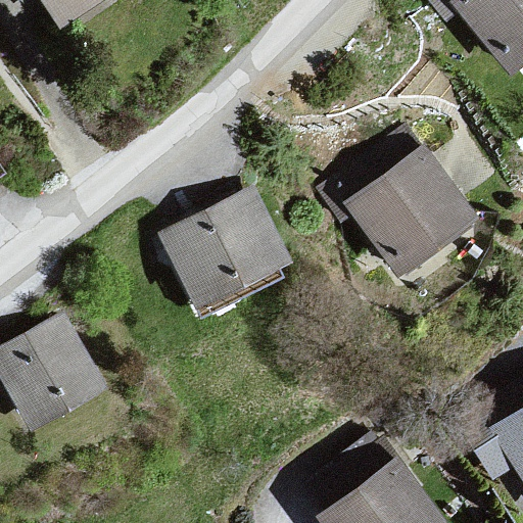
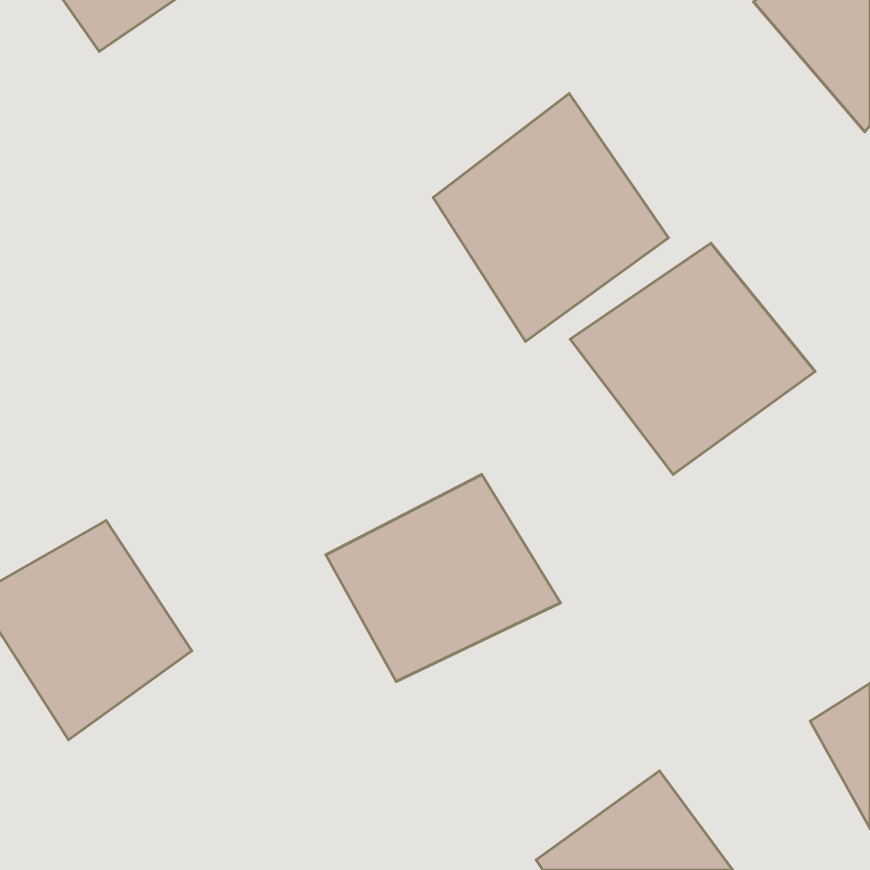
building: none -> [433,94,668,341]
building: [157,186,297,310] -> [326,474,561,682]

